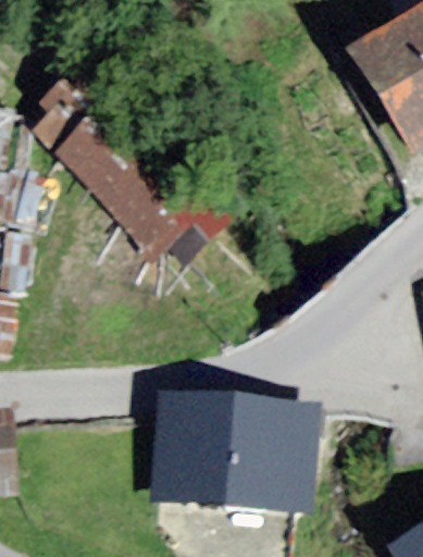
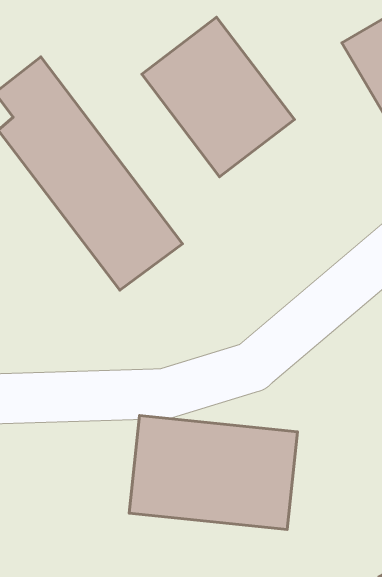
building: none -> [142,17,294,177]

